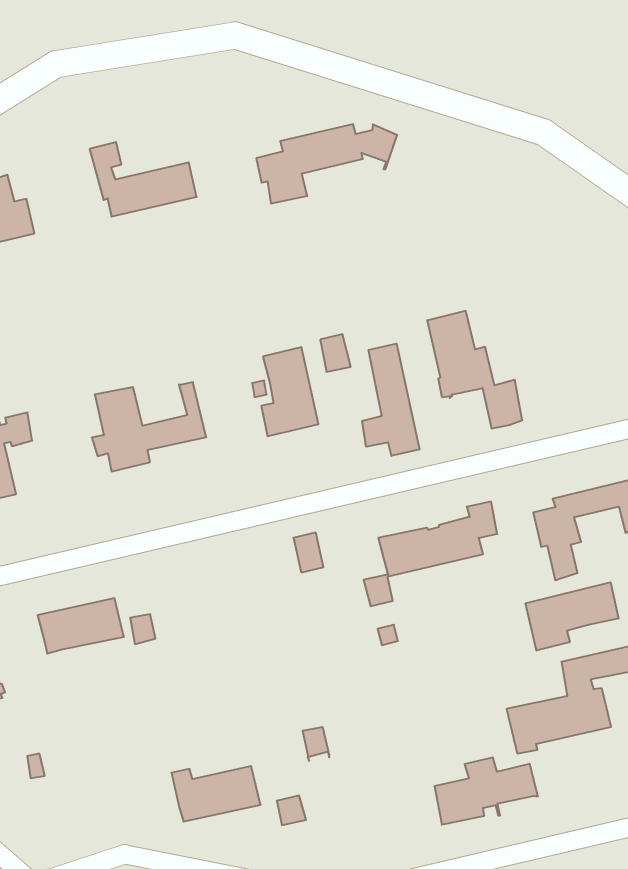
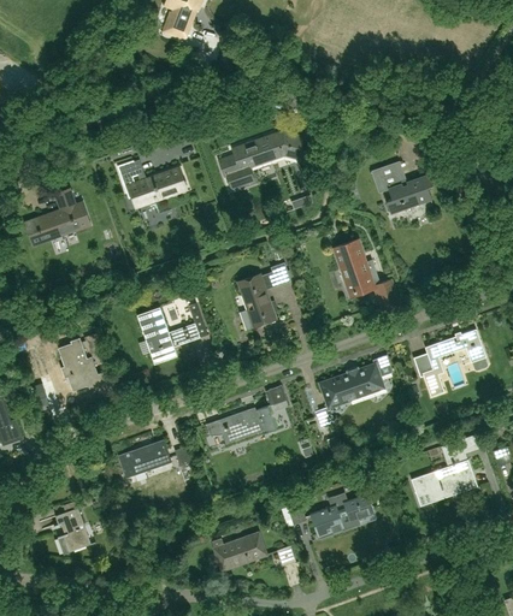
building: none -> [371,164,432,213]
building: [362,344,420,456] -> none
building: none -> [207,405,276,444]
building: [526,582,618,651] -> none
building: [434,757,538,825] -> [311,492,375,537]

